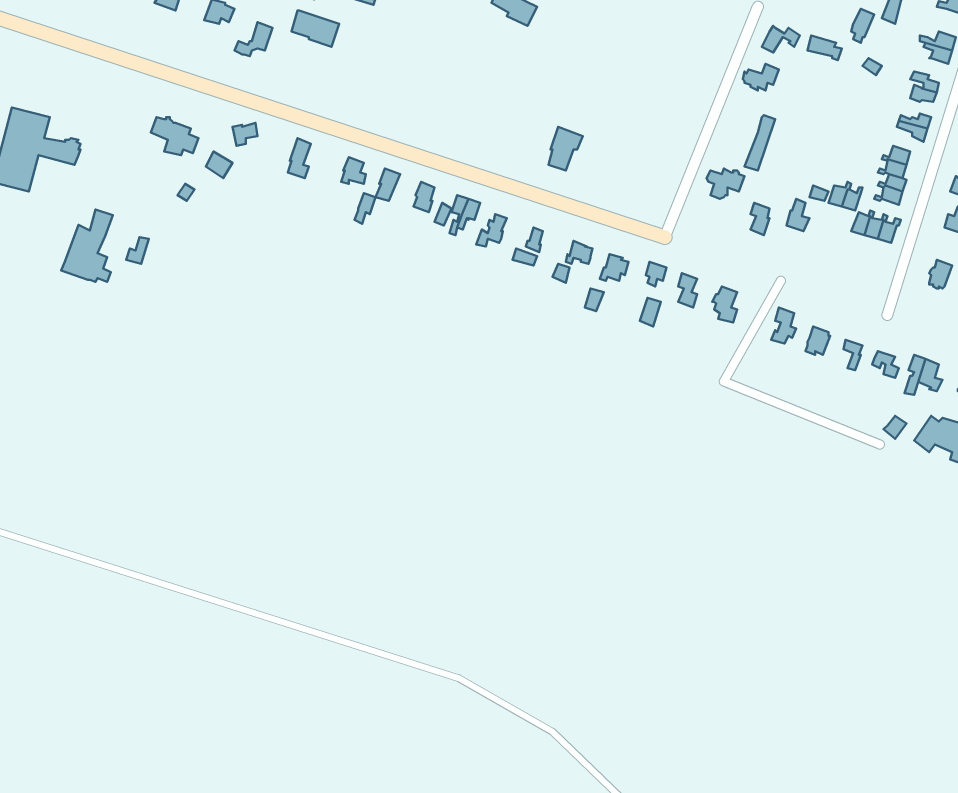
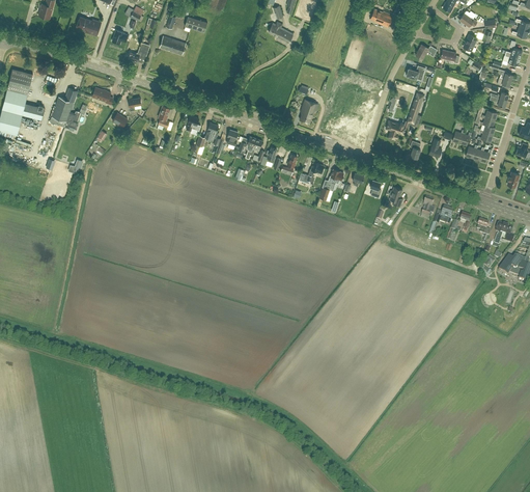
building: none -> [7,67,33,93]
building: [61,210,113,282] -> [50,87,78,127]

